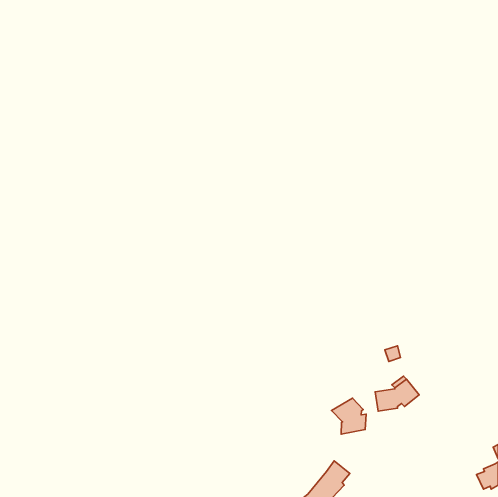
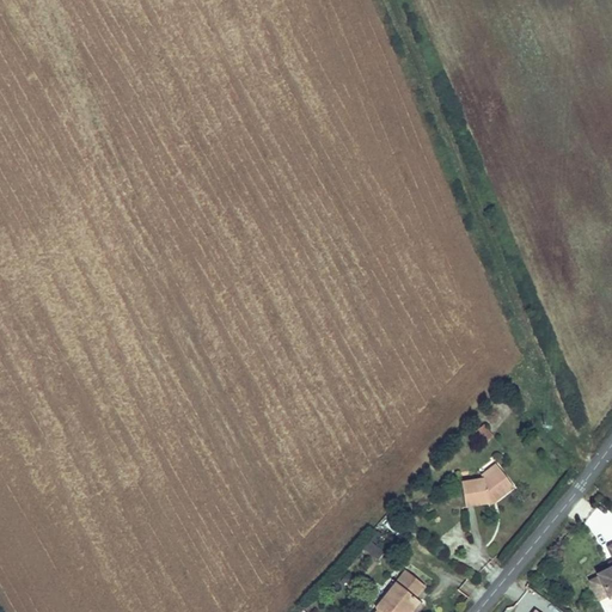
building: [332,398,366,434] -> none

